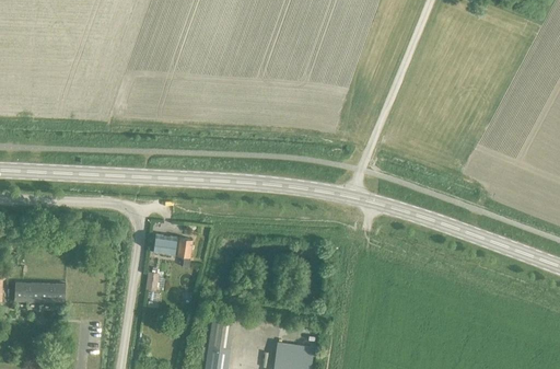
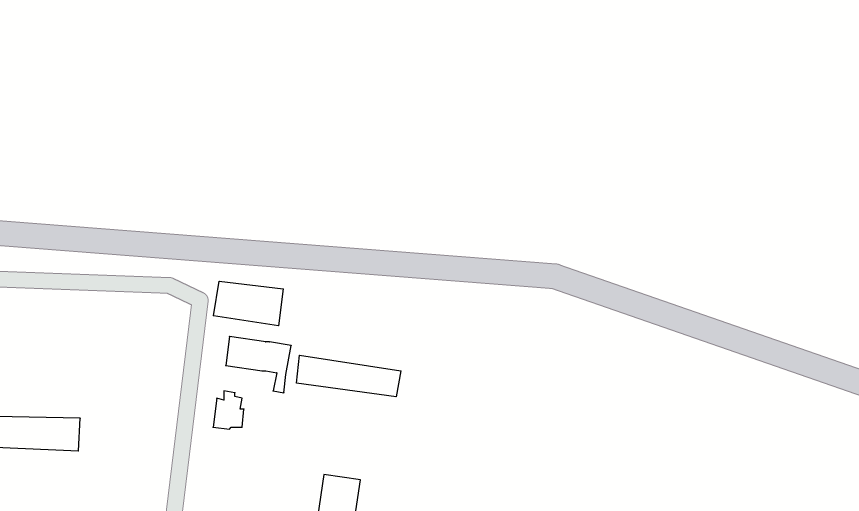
building: none -> [213,281,283,326]
building: none -> [297,355,401,397]

